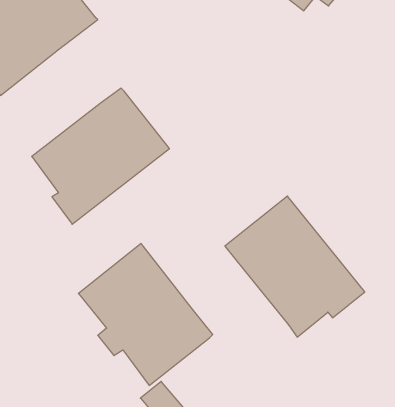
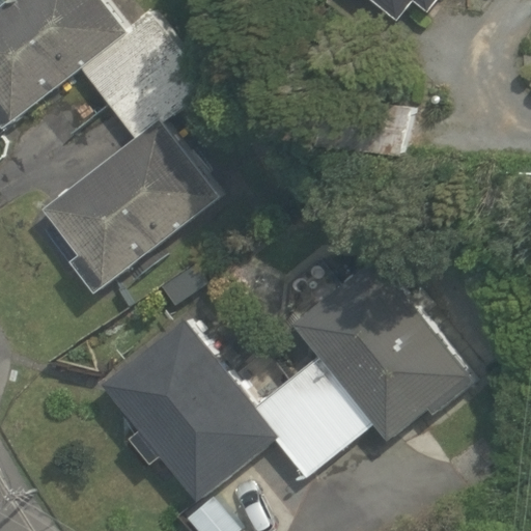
building: none -> [78,11,207,138]
building: none -> [252,353,374,478]

